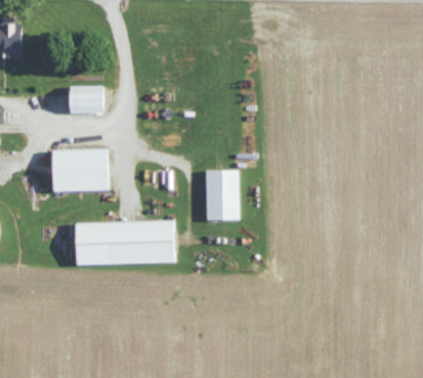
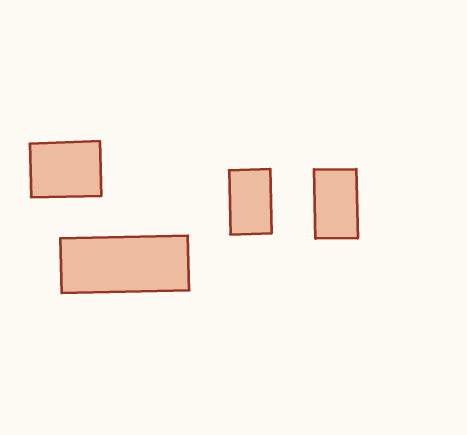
building: [69,86,102,114] -> none
building: none -> [314,169,358,239]

